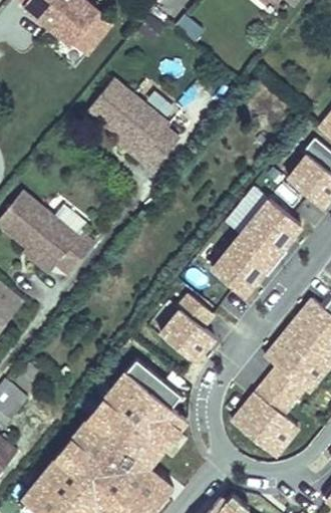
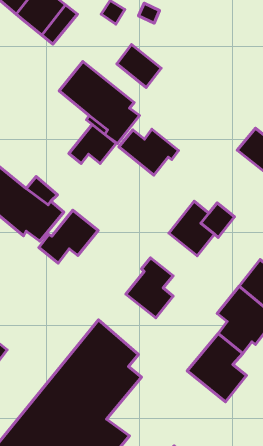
building: none -> [117,44,161,88]
building: none -> [69,124,116,163]
building: none -> [119,129,179,175]
building: [239,199,299,248] -> none
building: none -> [39,210,98,263]

